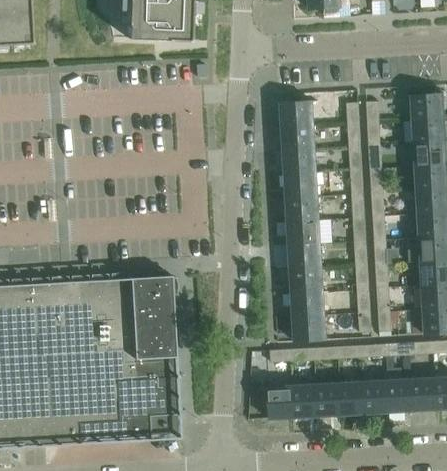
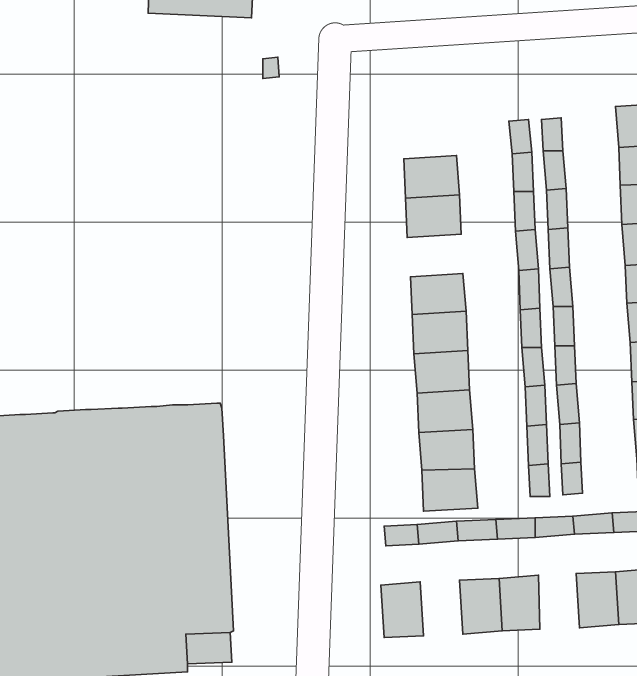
building: [278,100,312,126] -> none
building: [282,172,316,198] -> none
building: [362,379,387,413] -> none
building: [290,383,316,417] -> none

